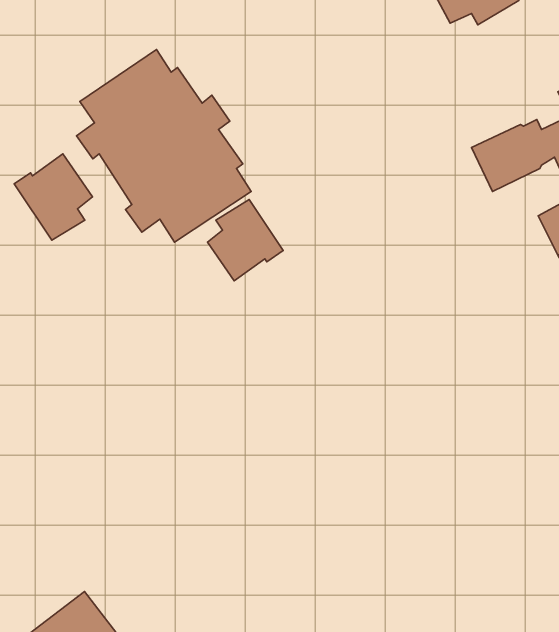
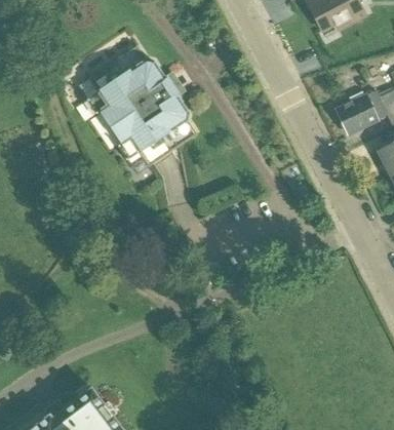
building: [14,154,92,240] -> none
building: [207,200,283,281] -> none

